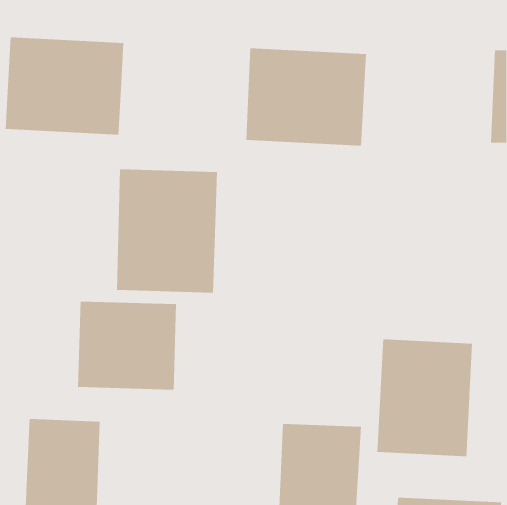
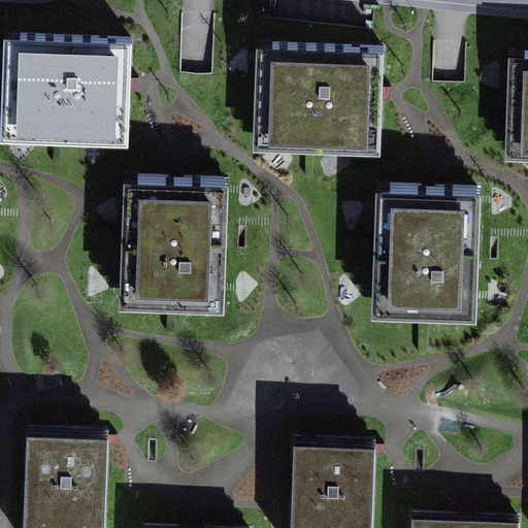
building: none -> [372,190,476,312]
building: [78,301,177,390] -> none
building: [377,339,473,457] -> none

